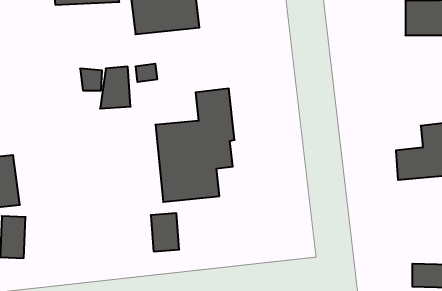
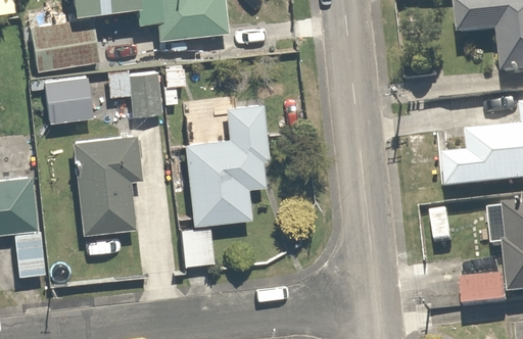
building: none -> [26,26,100,74]
building: none -> [39,80,87,125]
building: none -> [72,126,142,227]

